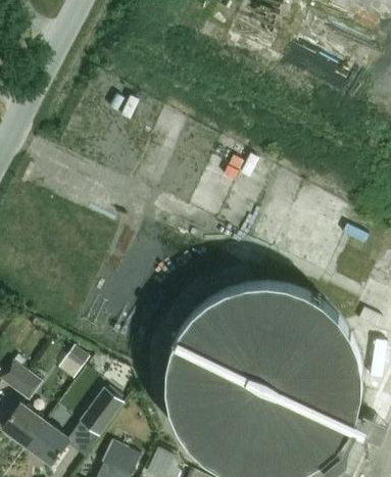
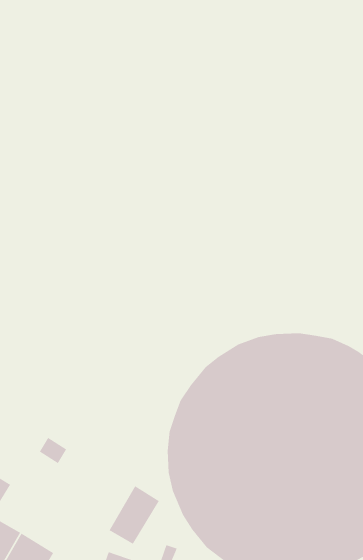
building: [80,390,123,437] -> [108,485,160,545]

